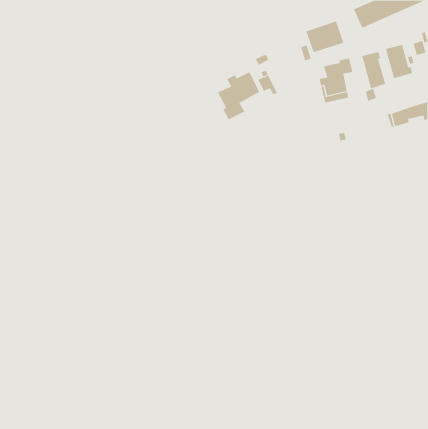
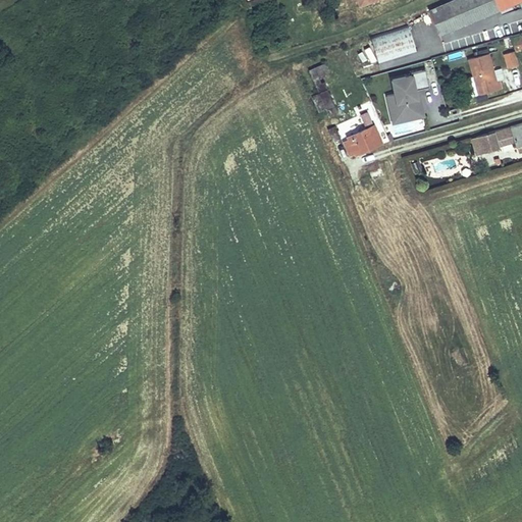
building: [362,51,386,89] -> none
building: [217,71,260,120] -> none
building: none -> [344,113,380,157]

